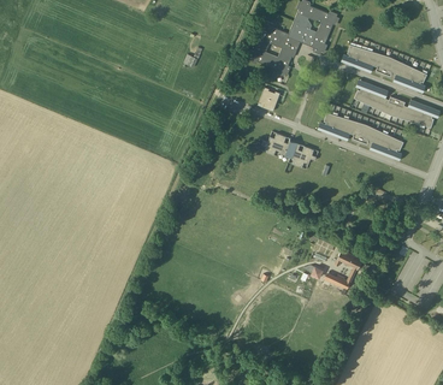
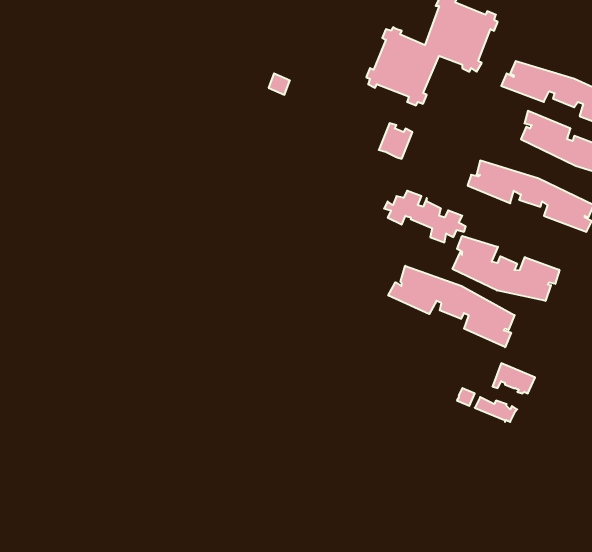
building: none -> [453,236,559,301]
building: none -> [388,266,515,347]

